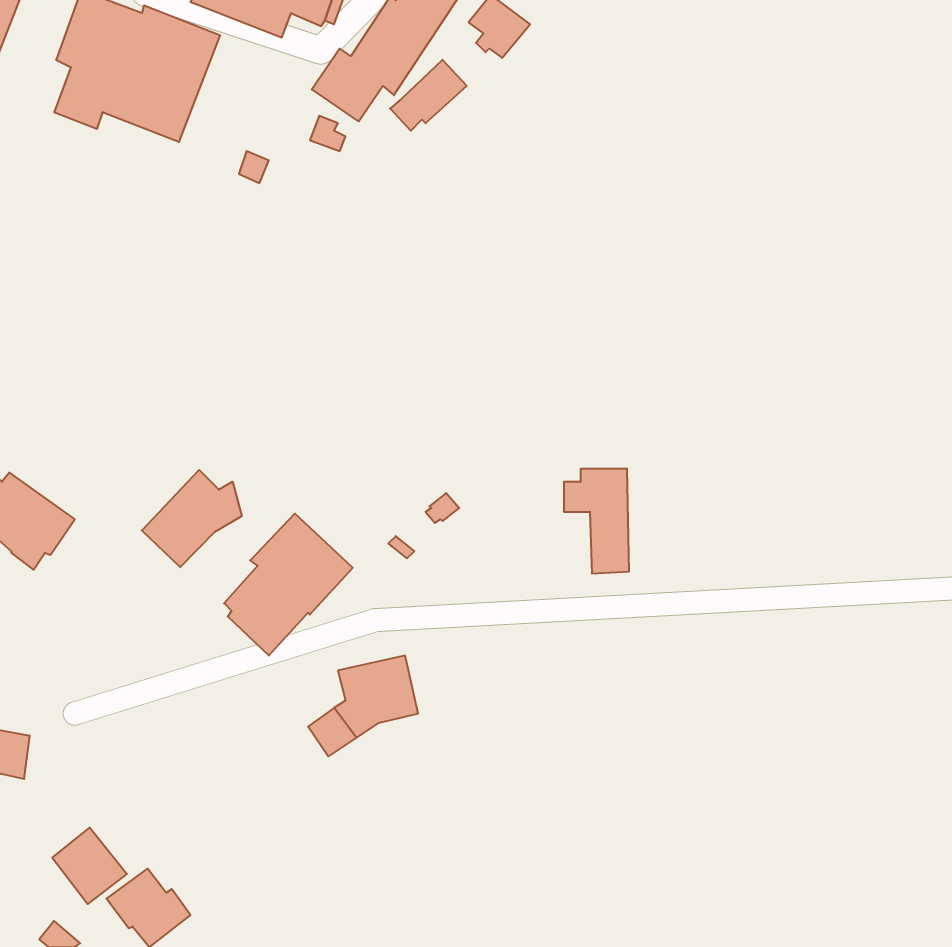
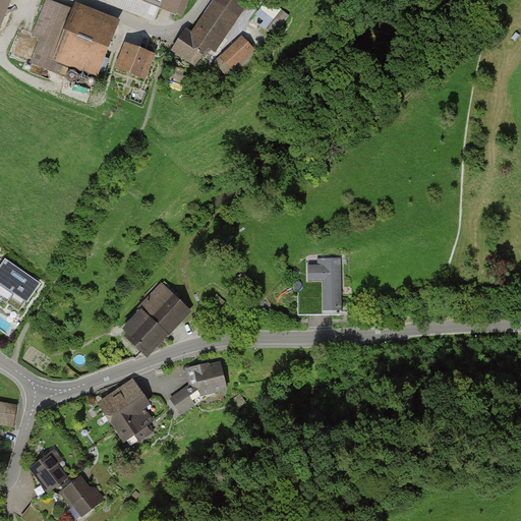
building: none -> [113,41,155,79]
building: [142,470,242,567] -> none
building: none -> [97,377,155,441]

